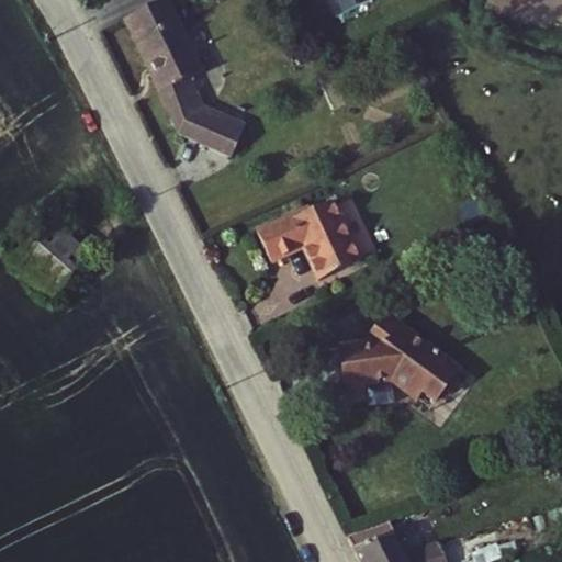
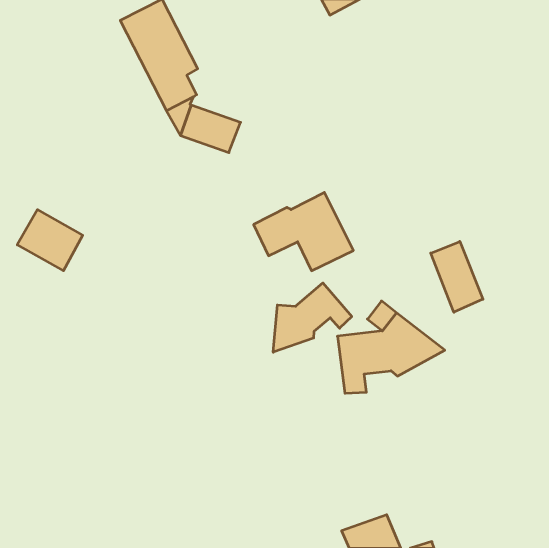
building: none -> [431,241,483,312]
building: none -> [273,283,352,352]
building: [406,358,462,404] -> none

